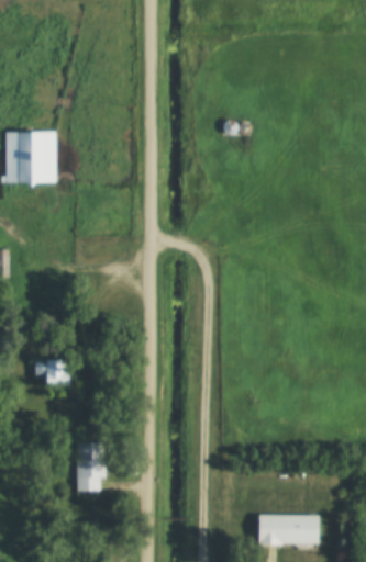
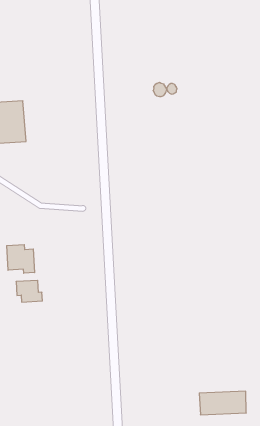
building: none -> [7,245,35,273]
building: [78,445,107,491] -> none

